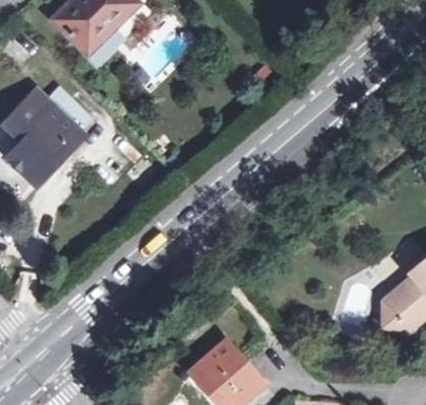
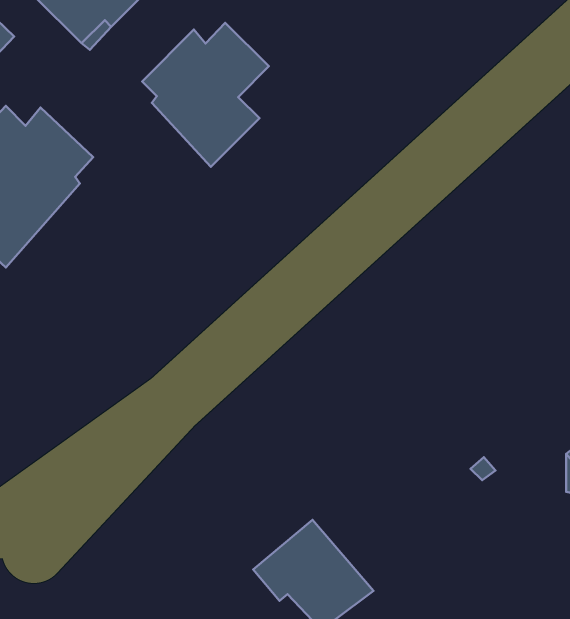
building: none -> [142,23,269,167]

